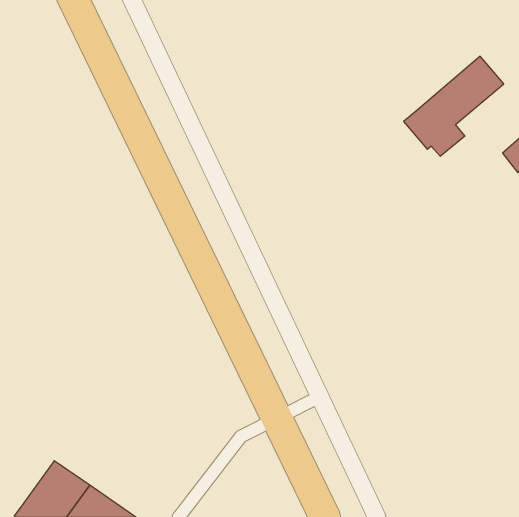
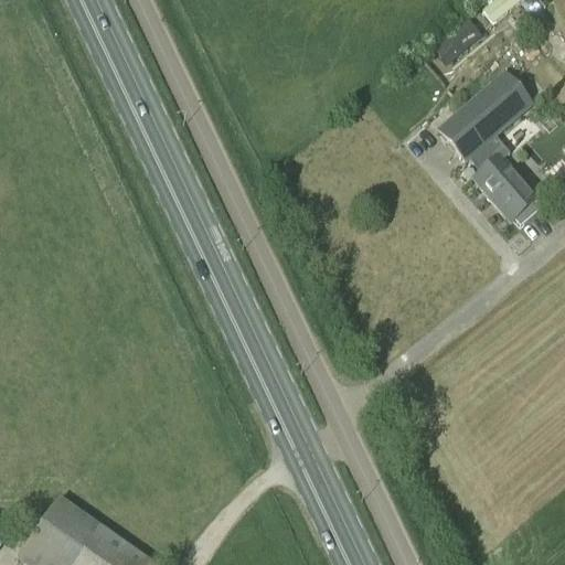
building: none -> [435,26,470,61]
building: none -> [473,147,539,222]

